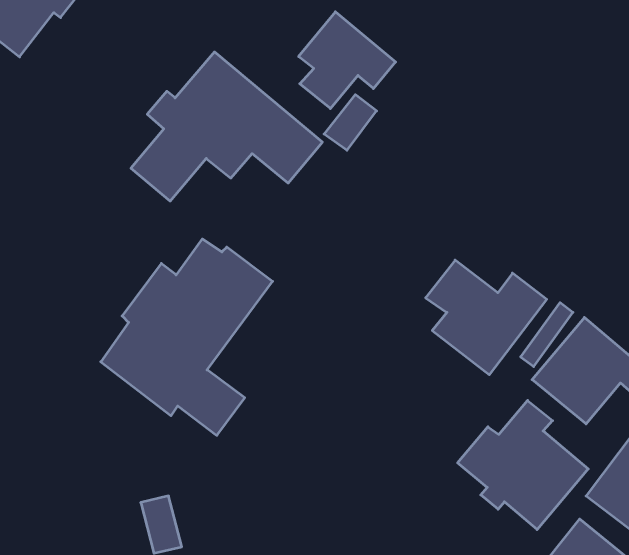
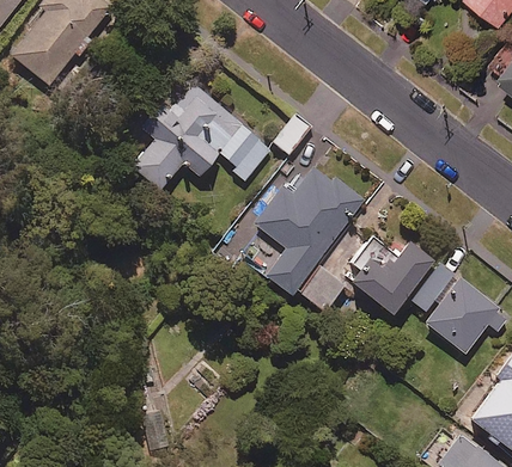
building: [299,12,396,109] -> none
building: [101,239,273,435] -> [239,170,365,313]
building: [458,400,588,530] -> none

